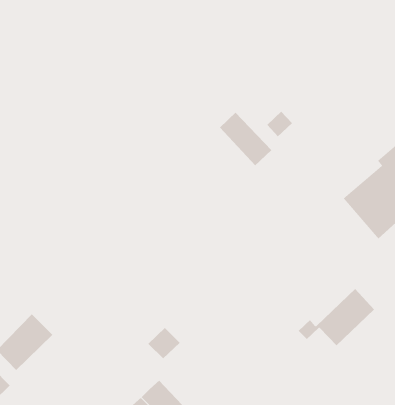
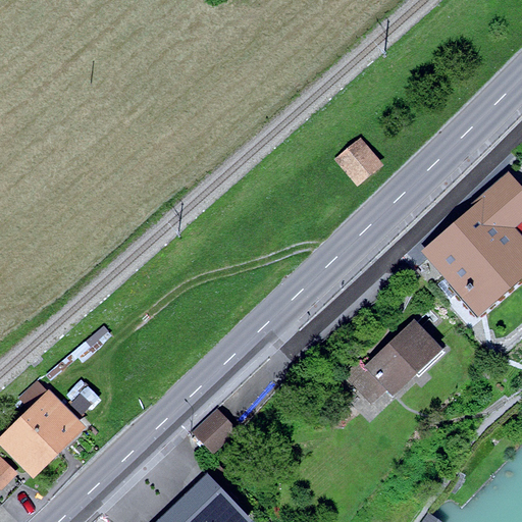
building: [219,112,272,166] -> none
building: [298,288,375,346] -> [344,321,439,394]

